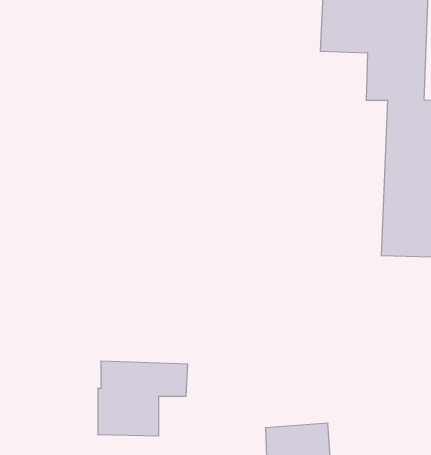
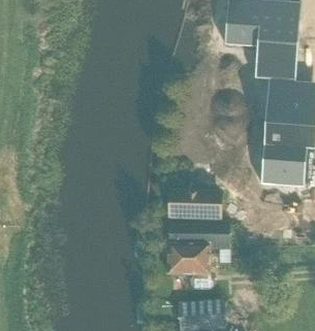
building: none -> [171,191,224,214]
building: [98,361,188,436] -> [170,223,231,273]

